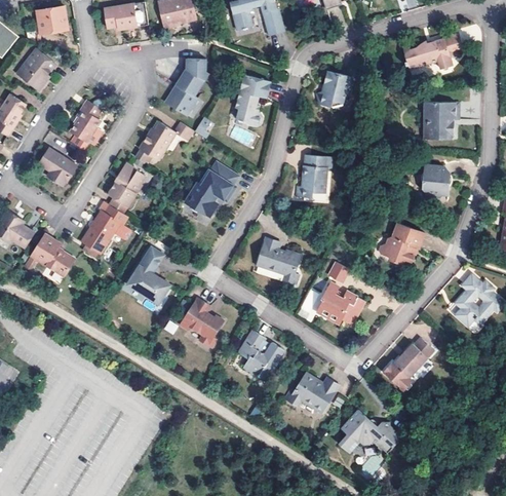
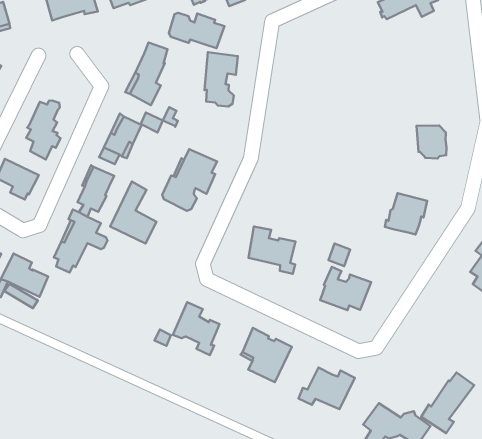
building: none -> [169,13,224,48]
building: [315,72,350,108] -> none
building: [422,102,458,140] -> none
building: [296,156,330,198] -> none
building: [127,246,169,304] -> [110,181,156,244]
building: [383,338,434,391] -> [421,372,474,433]

